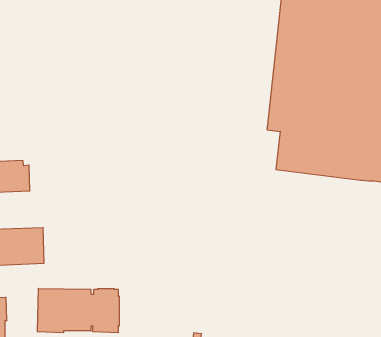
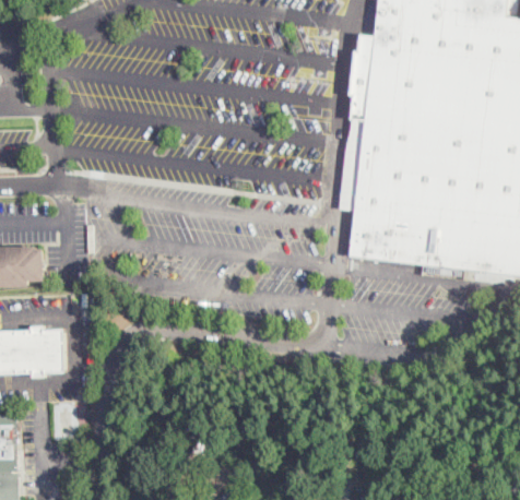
building: [37,288,119,333] -> none

